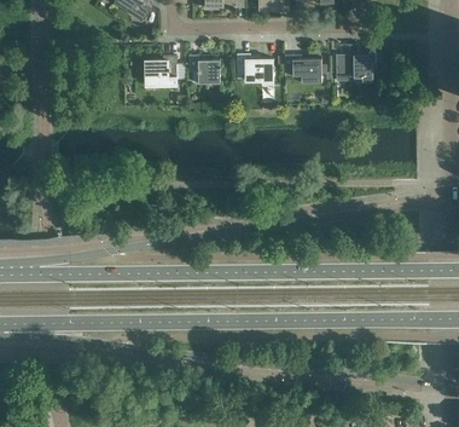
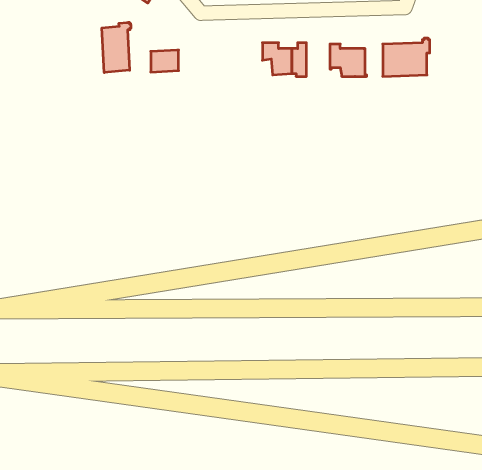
building: none -> [102,22,131,73]
building: [188,58,220,85] -> none

